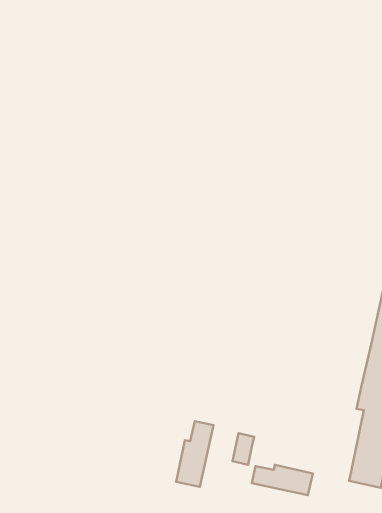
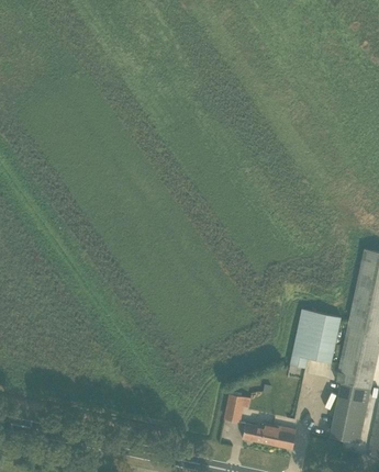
building: none -> [291,310,342,369]
building: [176,421,213,487] -> none

